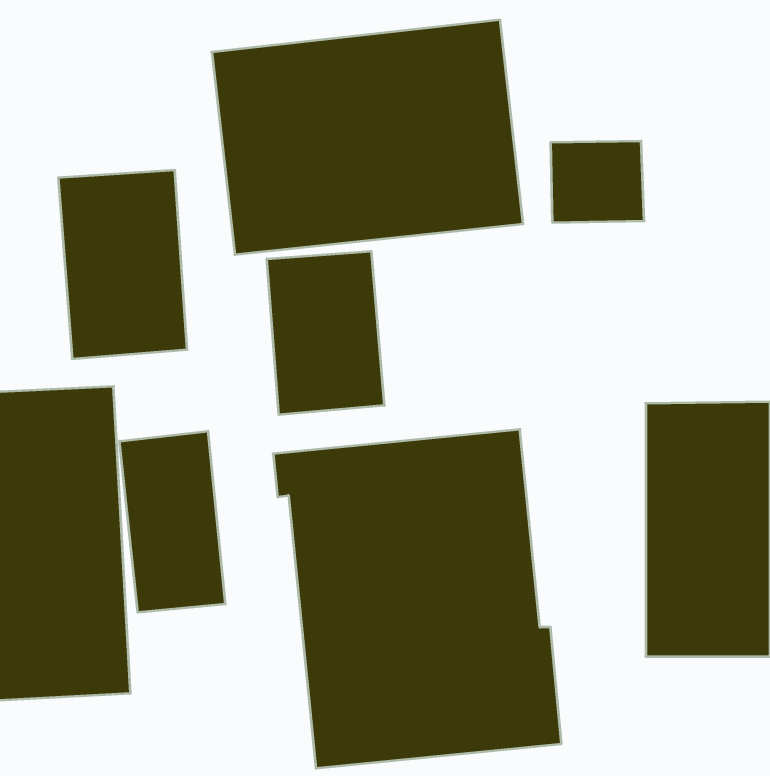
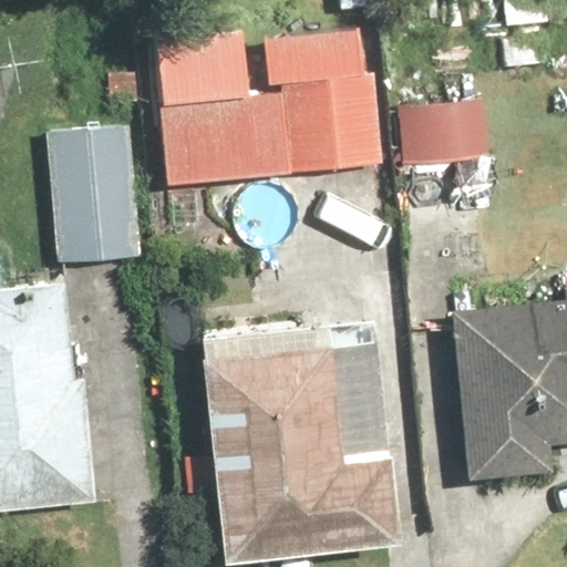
building: [267,251,384,415] -> none
building: [120,431,225,612] -> none

